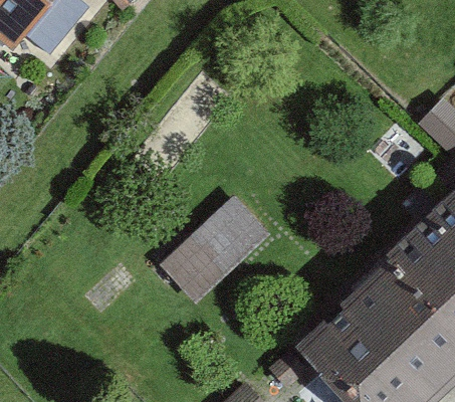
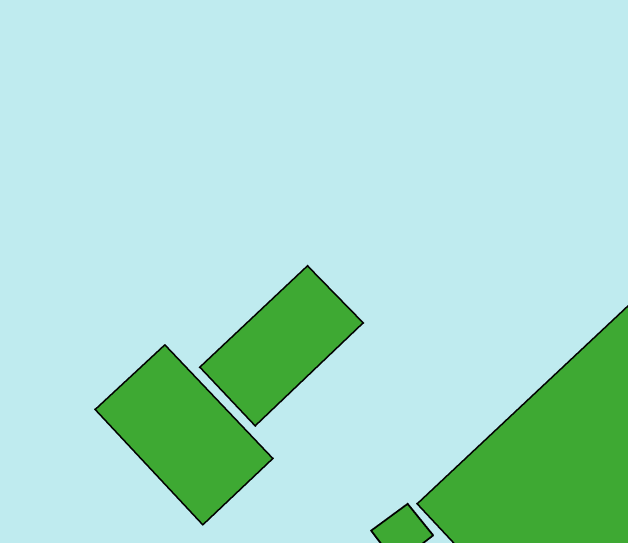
building: none -> [95,345,273,525]

